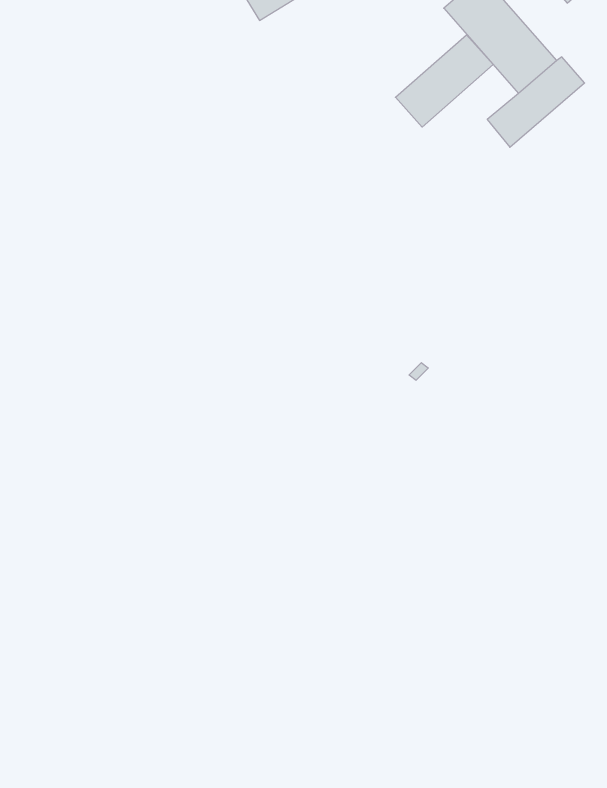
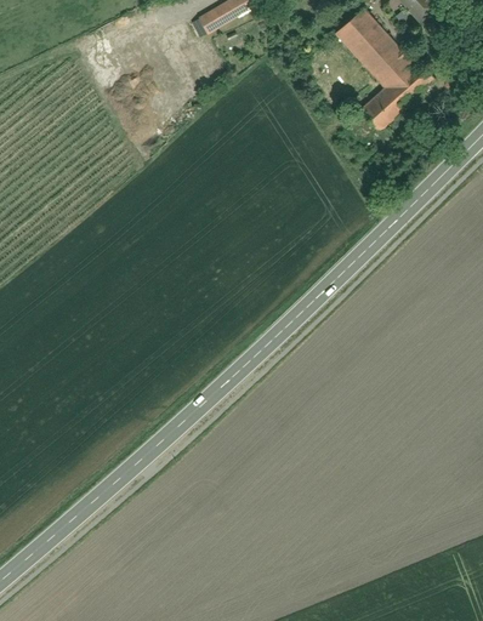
building: [395,35,493,127] -> none

